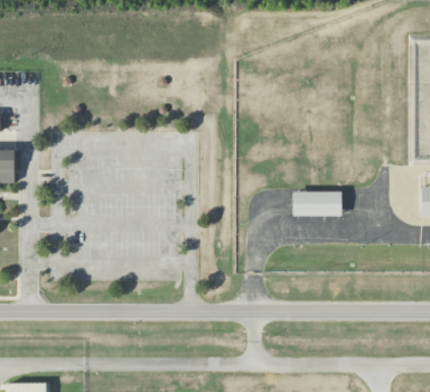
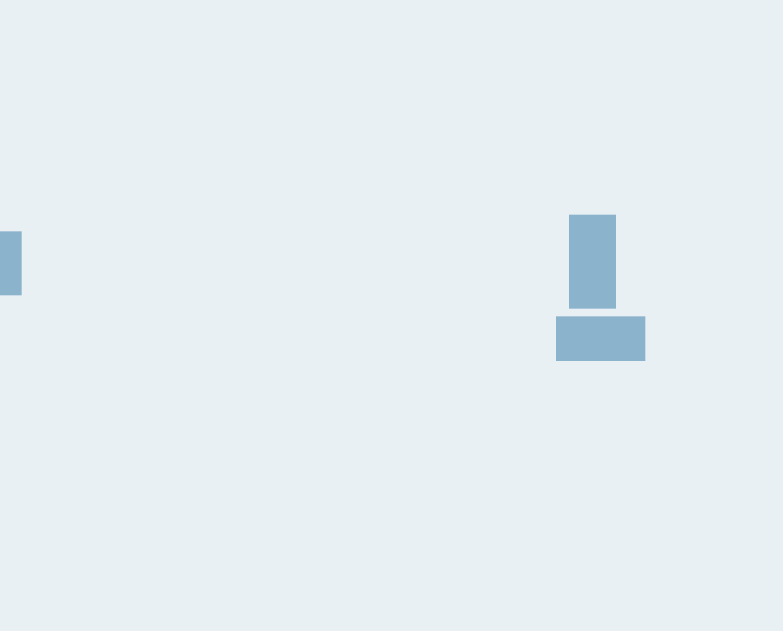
building: none -> [568,214,617,310]

